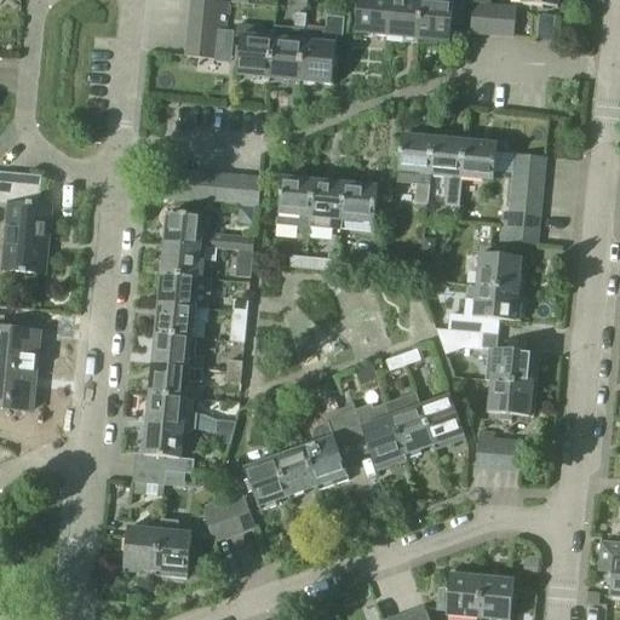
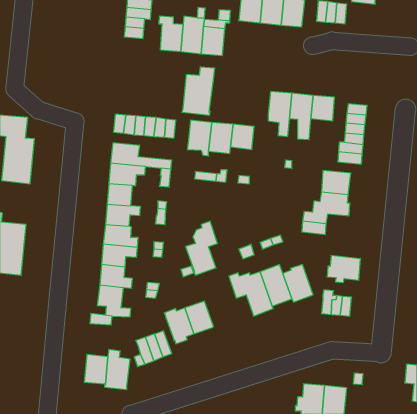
building: none -> [182,67,215,115]
building: [484,348,538,384] -> none
building: [303,409,350,489] -> [186,221,217,275]

